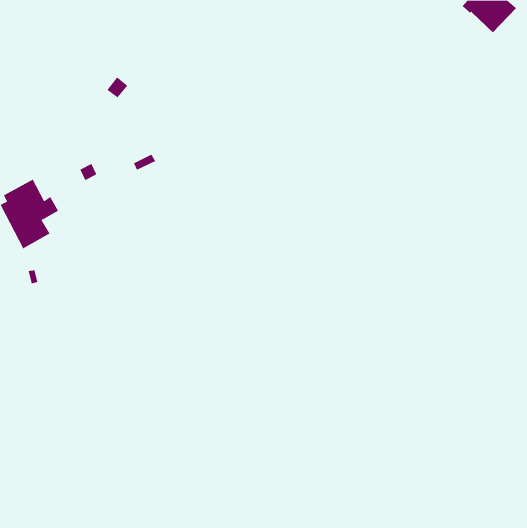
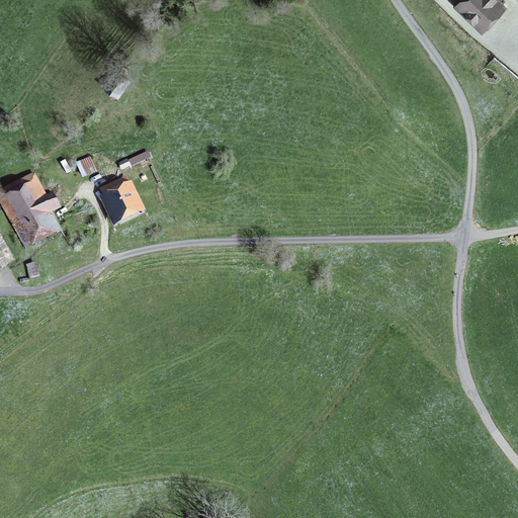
building: none -> [104,179,139,219]

